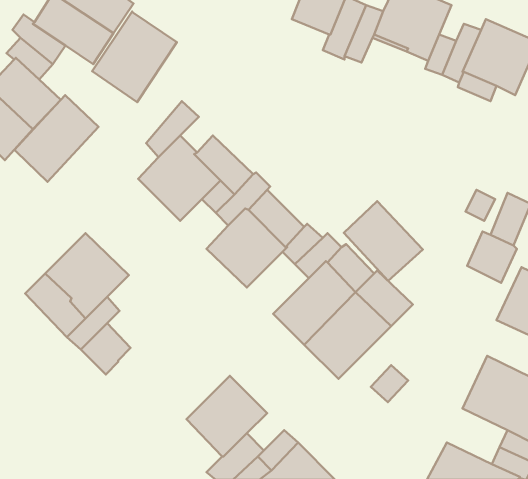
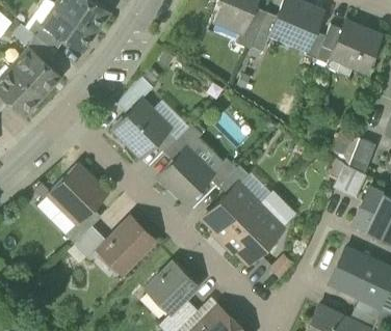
building: [92,11,177,102] -> none
building: [14,95,99,182] -> none
building: [344,201,423,281] -> none
building: none -> [99,218,153,272]

